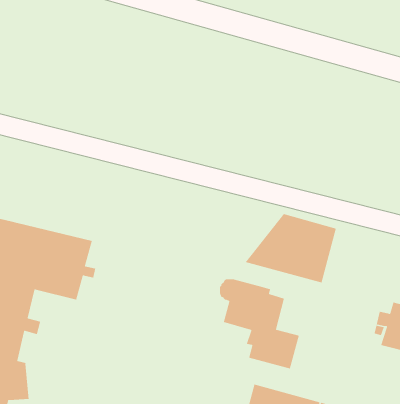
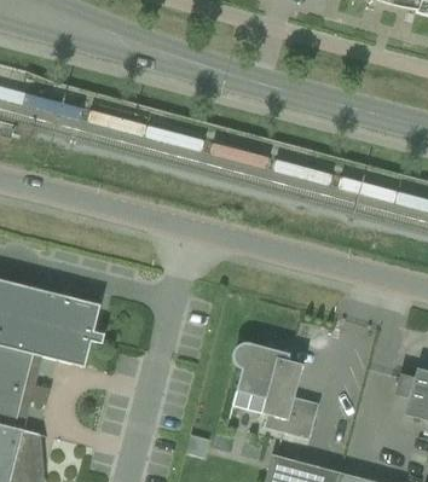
building: [245,213,337,283] -> none

